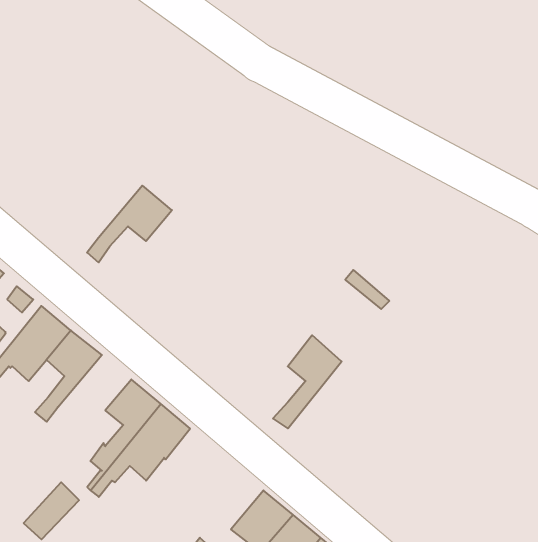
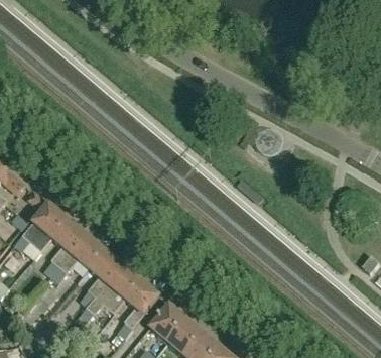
building: [87,186,172,262] -> [53,234,106,281]
building: [273,335,342,428] -> [118,279,160,337]
building: none -> [150,304,187,342]

